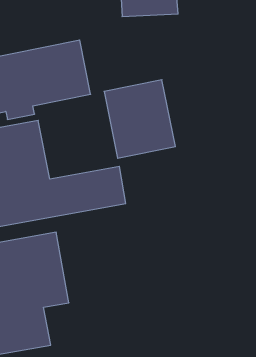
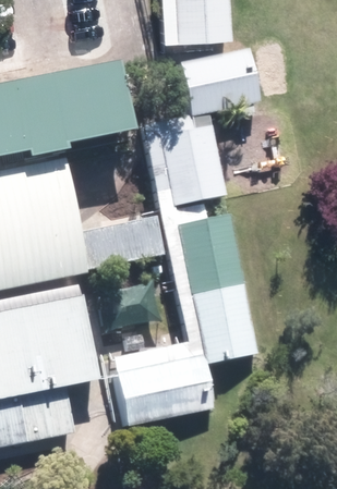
building: none -> [176,48,255,114]
building: none -> [171,213,256,365]
building: none -> [112,342,200,424]

